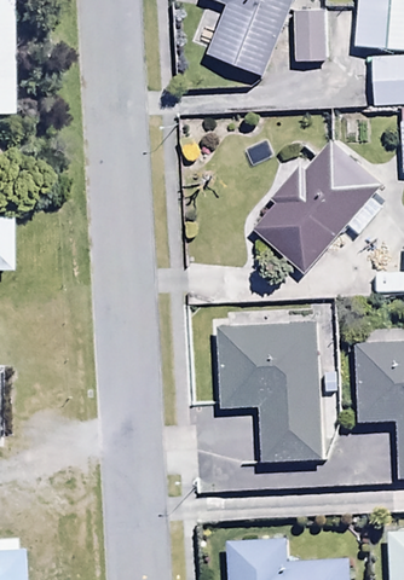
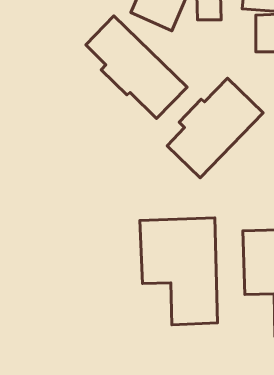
building: none -> [86,16,187,119]

